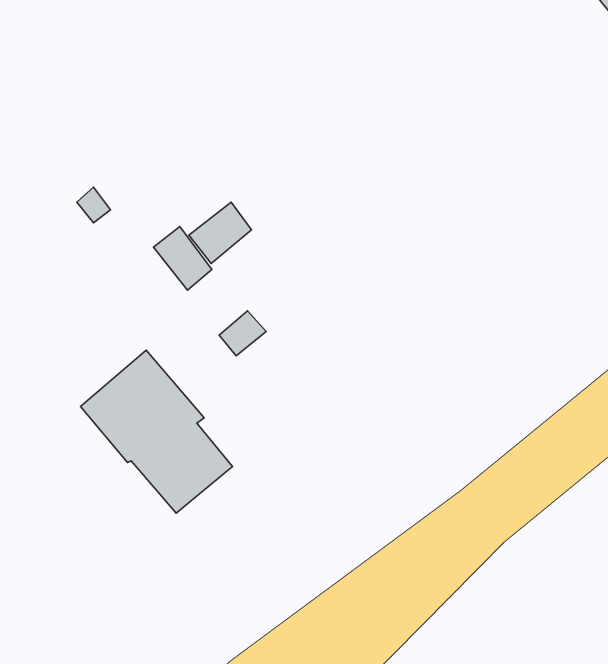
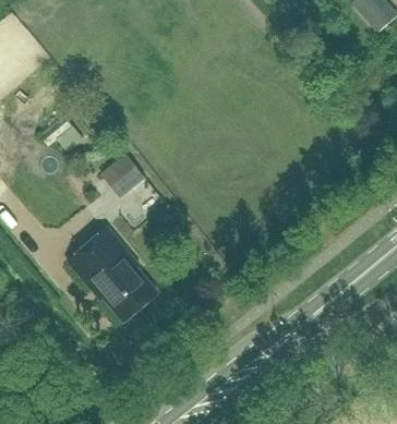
building: [189,202,252,264] -> none

